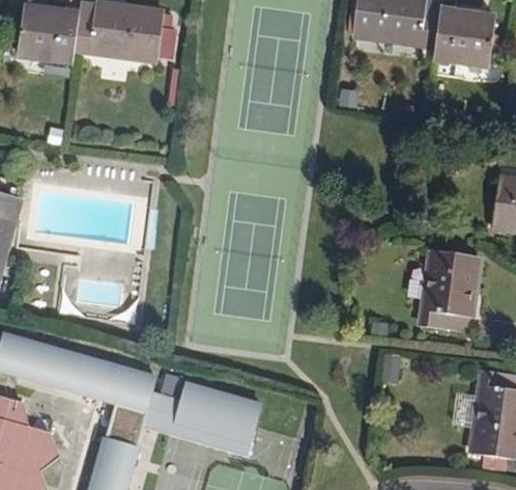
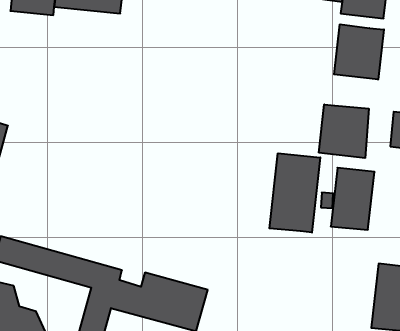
building: none -> [334,24,384,80]
building: none -> [319,104,369,158]
building: none -> [269,153,320,233]

